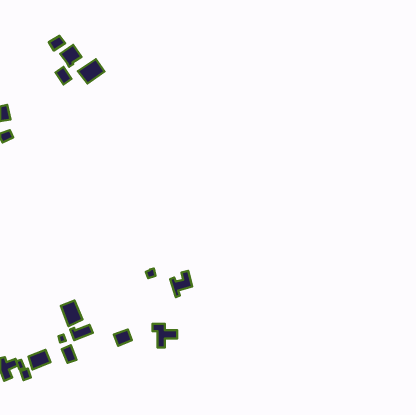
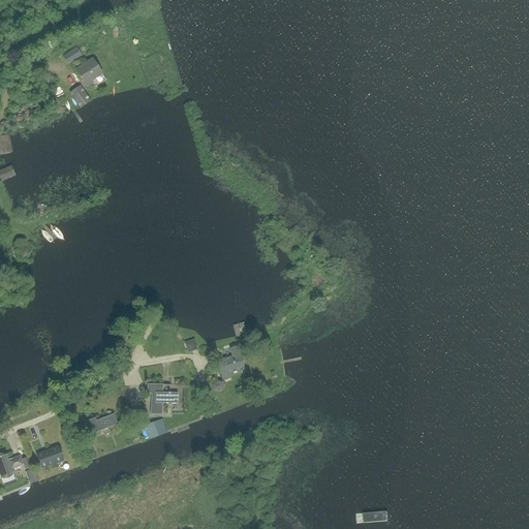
building: [78,59,104,84] -> none
building: [61,300,82,326] -> none
building: [153,324,177,347] -> [147,383,178,413]

